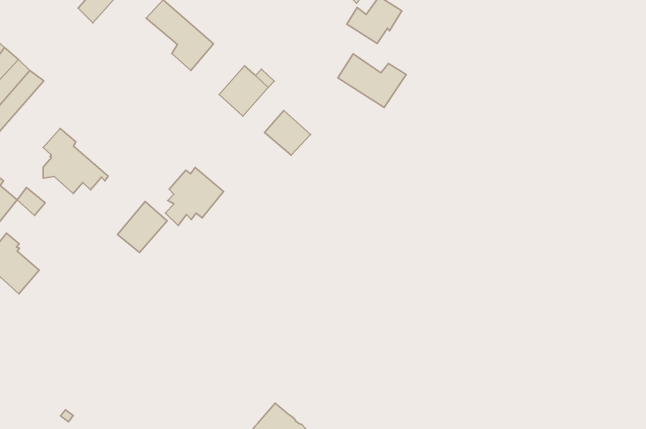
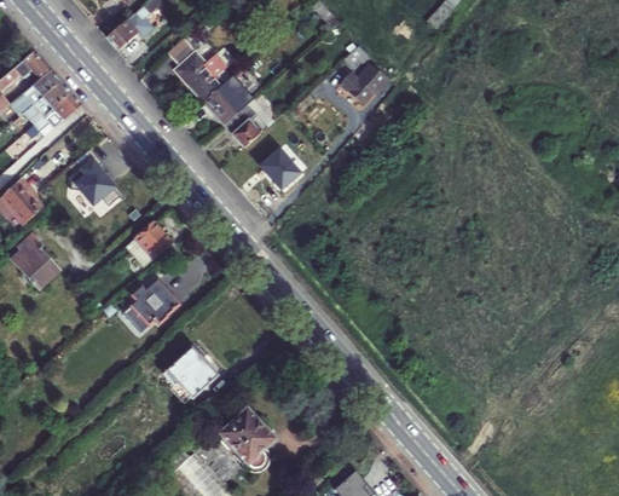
building: none -> [209,91,254,135]
building: [338,54,406,108] -> none
building: [165,168,224,225] -> [123,276,177,324]
building: none -> [162,345,216,400]

